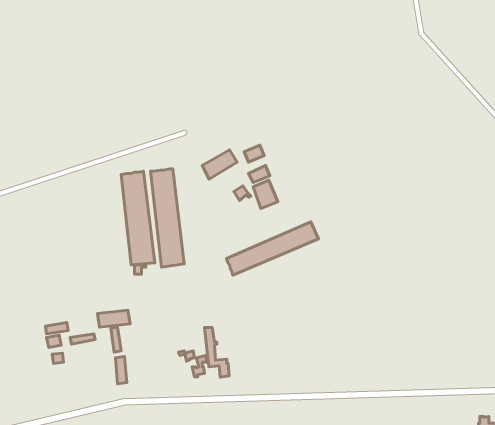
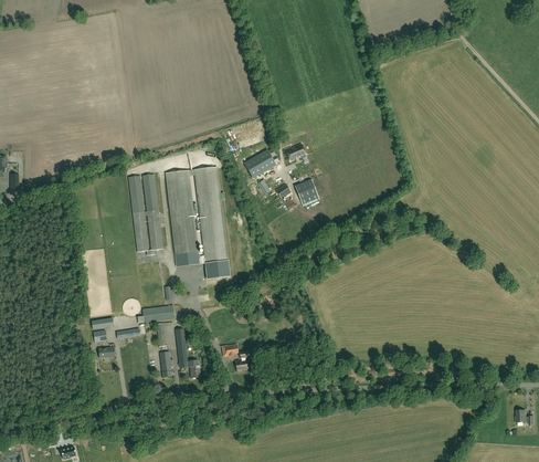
building: none -> [128,175,162,255]
building: [226,222,319,275] -> none
building: [204,327,229,377] -> [176,329,200,378]

